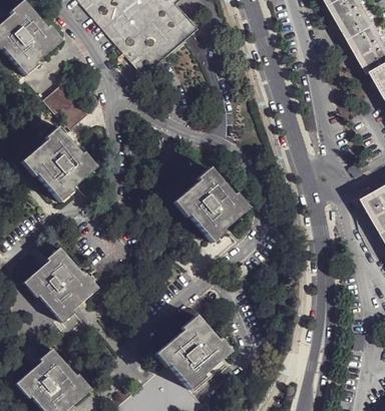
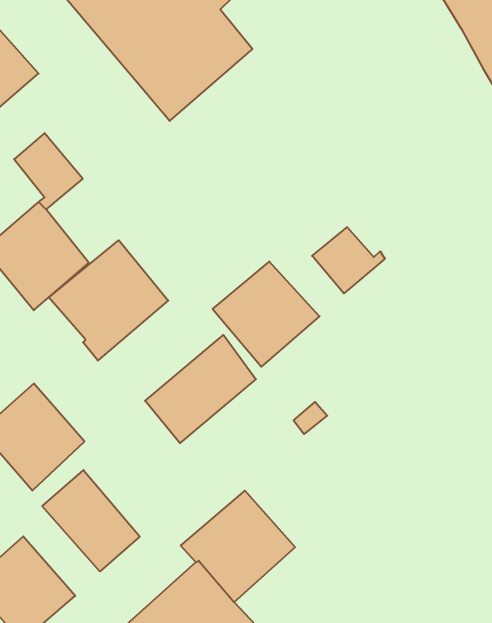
building: none -> [312,227,385,293]
building: none -> [49,240,168,361]
building: none -> [145,335,256,443]
building: none -> [42,470,140,571]

